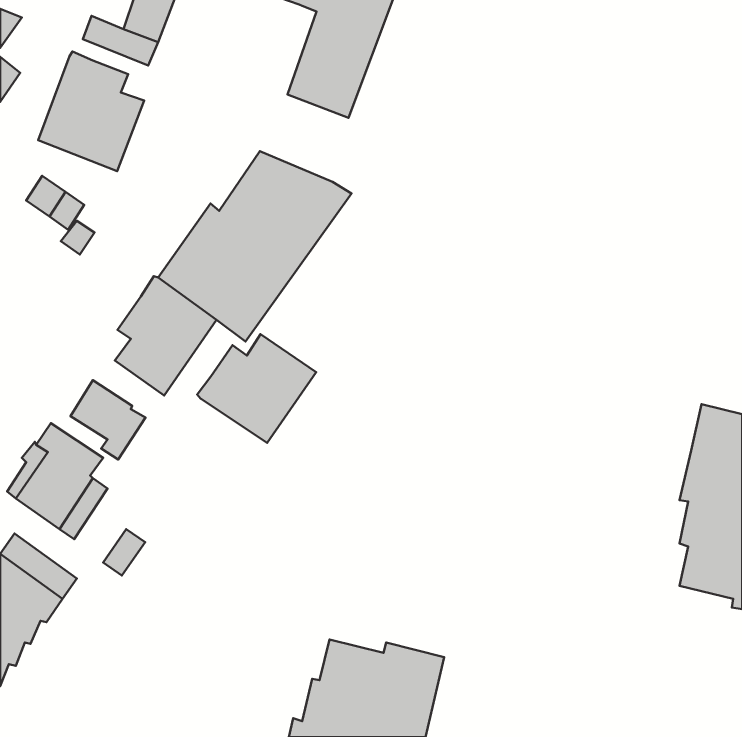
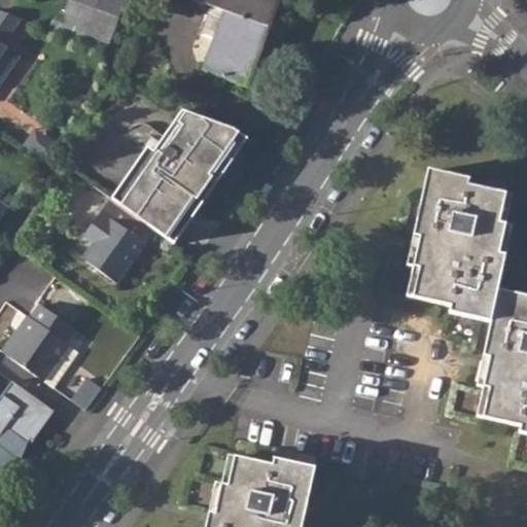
building: [38,51,144,171] -> none
building: none -> [412,168,505,319]
building: [197,334,316,443] -> none
building: [71,380,145,459] -> none

